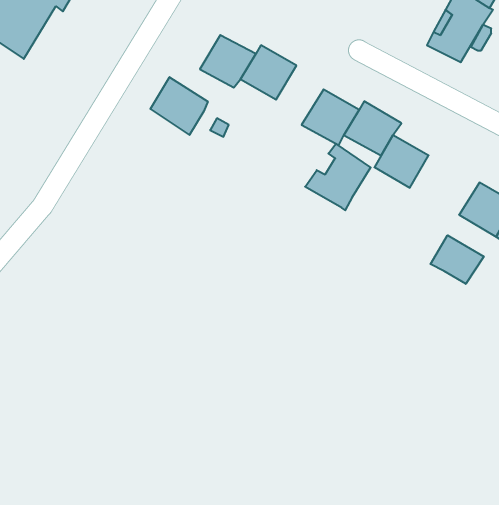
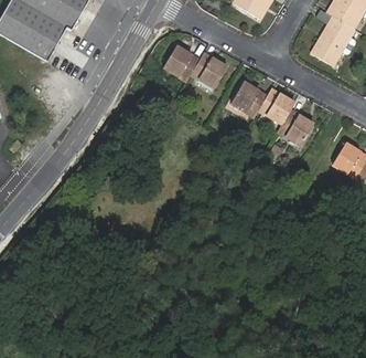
building: [150,77,208,135] -> none
building: [305,144,371,210] -> none
building: [430,235,484,284] -> none

